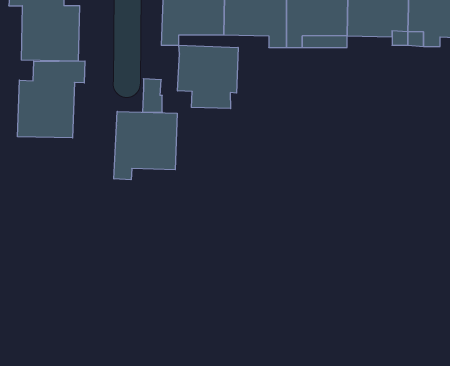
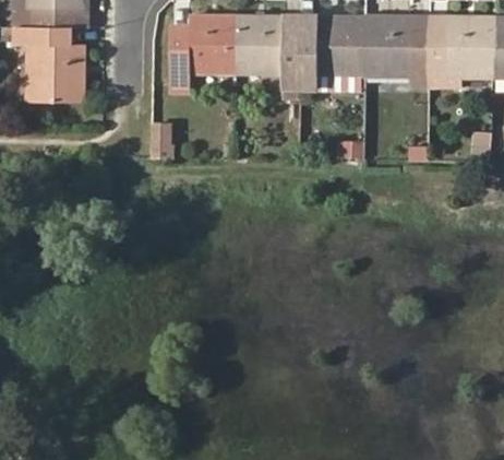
building: [178,45,238,109] -> none
building: [18,61,85,138] -> none
building: [114,111,177,180] -> none

